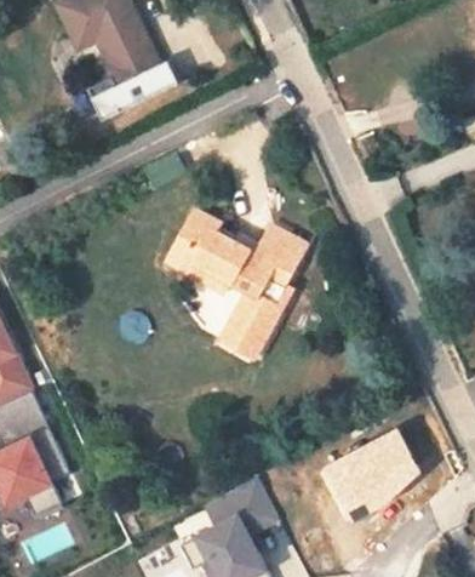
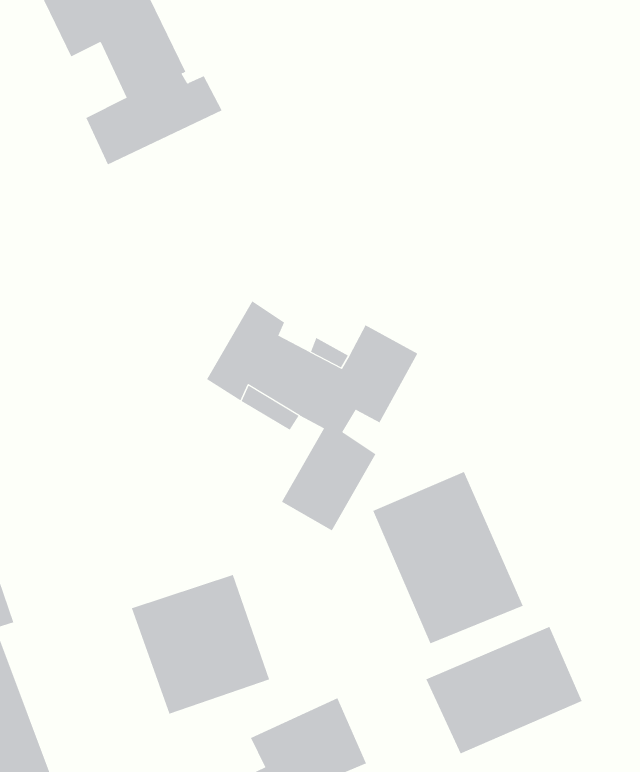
building: none -> [372,471,523,644]
building: none -> [131,574,270,714]

